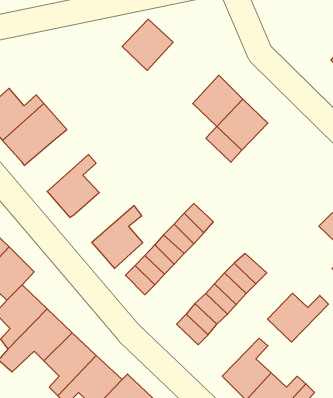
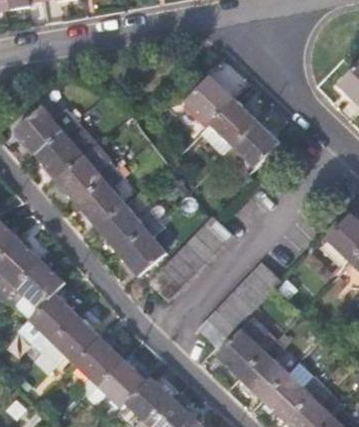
building: [122,19,173,70] -> [189,75,236,122]
building: none -> [55,146,115,203]
building: none -> [98,204,157,251]
building: [268,293,328,342] -> [217,329,273,375]

